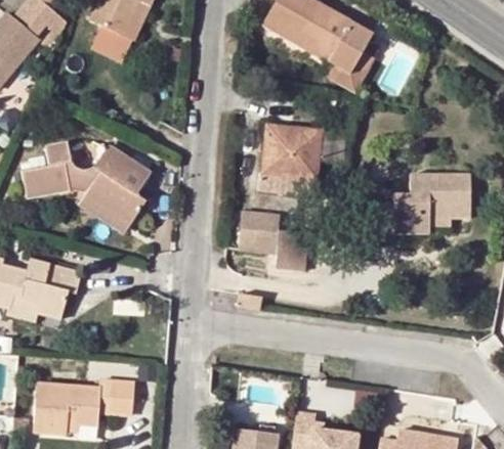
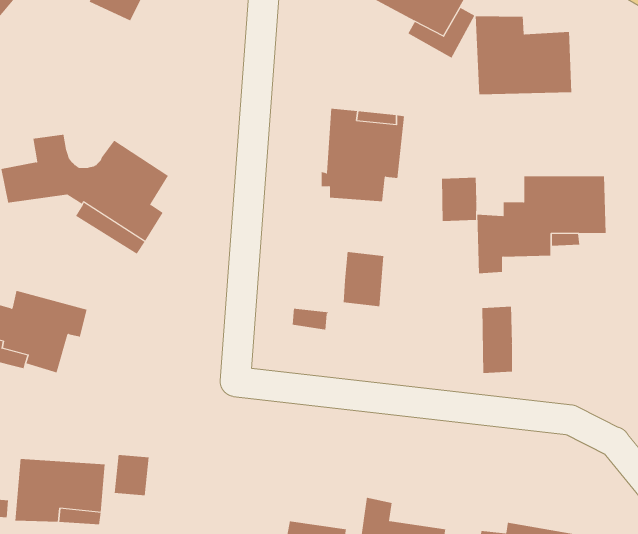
building: none -> [475,16,572,95]
building: none -> [442,177,477,222]
building: [239,211,281,253] -> none
building: none -> [482,306,512,374]

